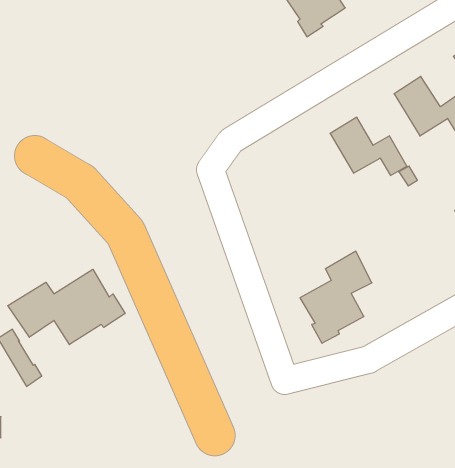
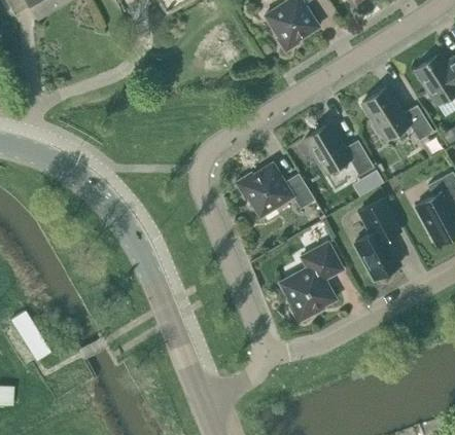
building: none -> [236,162,315,217]
building: none -> [355,198,400,279]
building: [8,269,125,345] -> none

